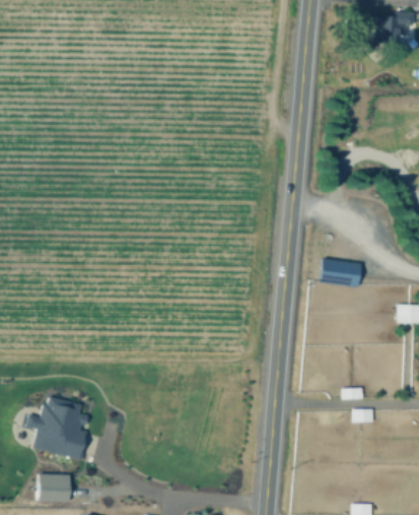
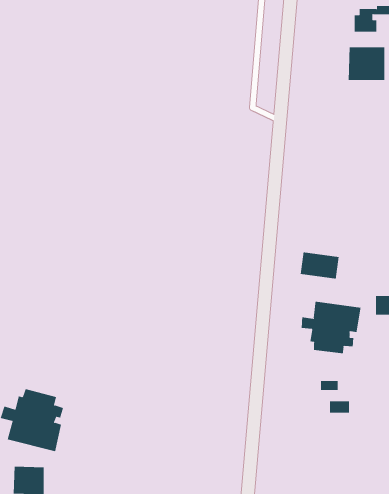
building: none -> [348,46,385,81]
building: none -> [301,301,361,354]

